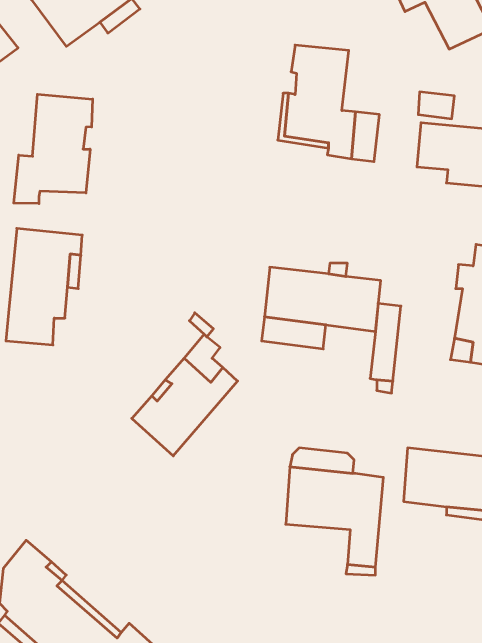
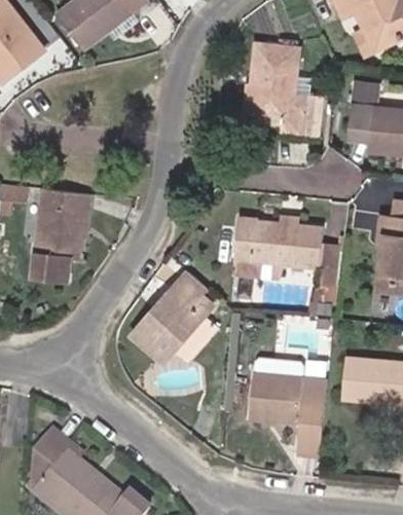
building: [14,94,93,204] -> none

